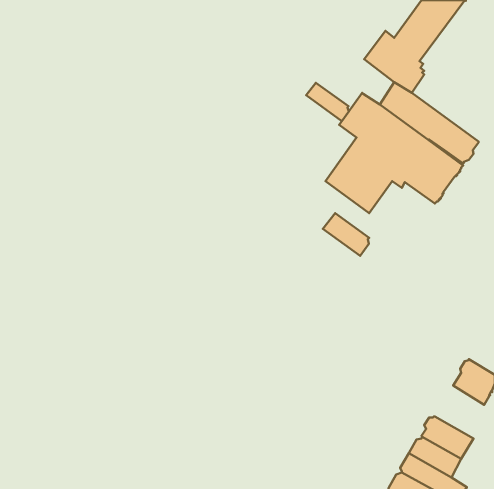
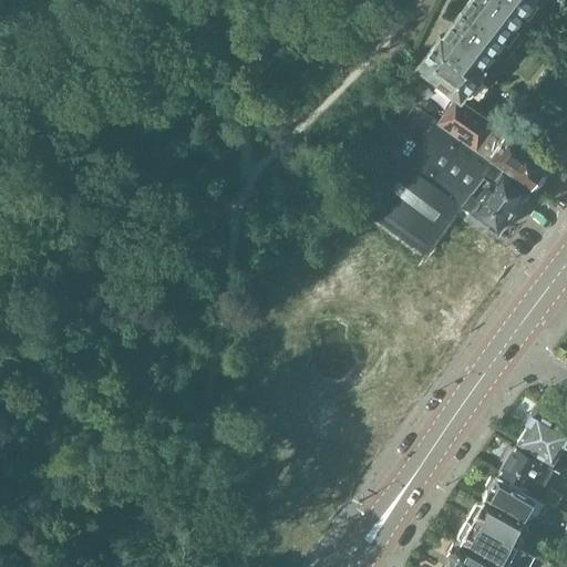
building: [306,83,349,121] -> none
building: [323,213,369,256] -> none
building: none -> [498,452,561,508]

